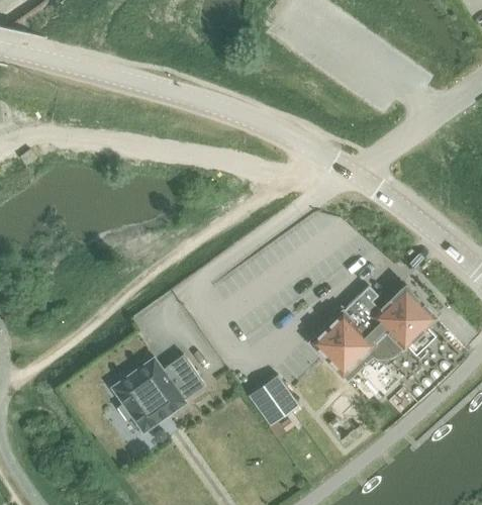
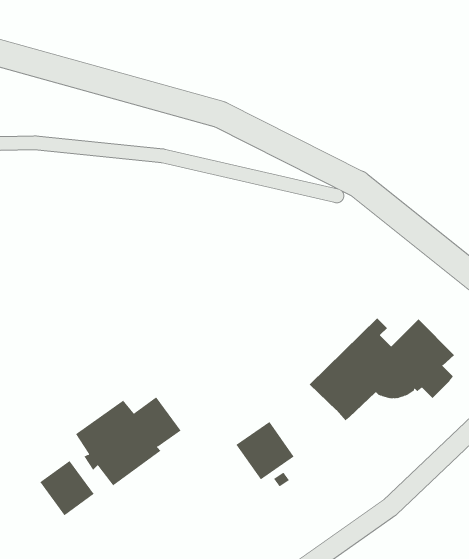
building: none -> [39,460,94,516]

